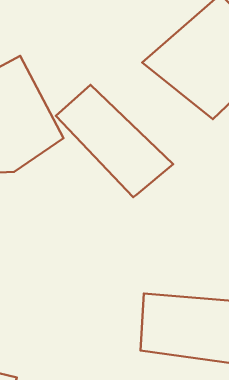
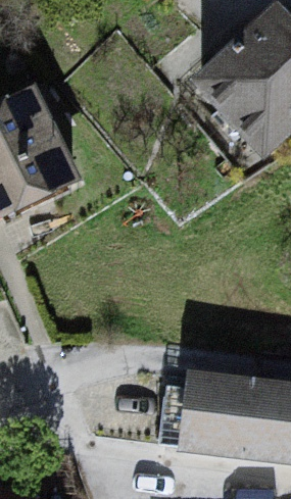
building: [56,85,173,197] -> none

